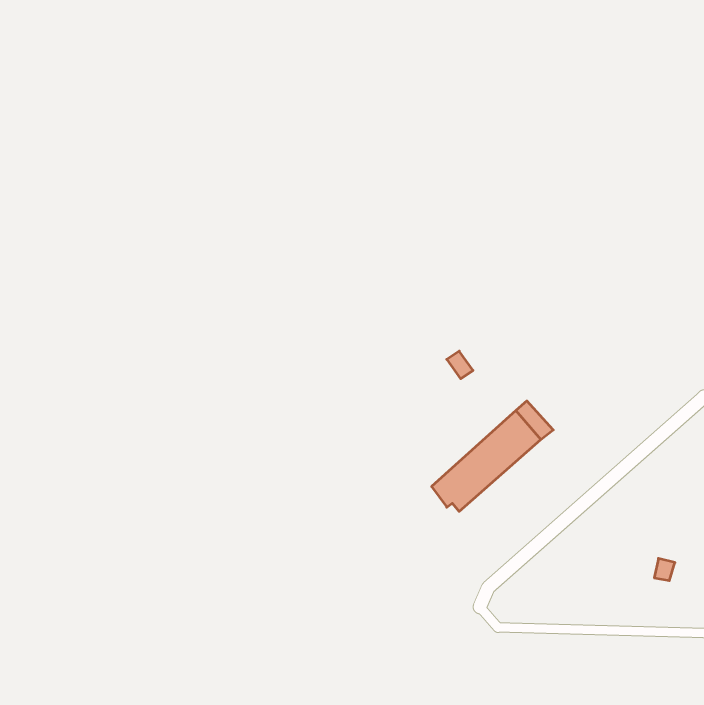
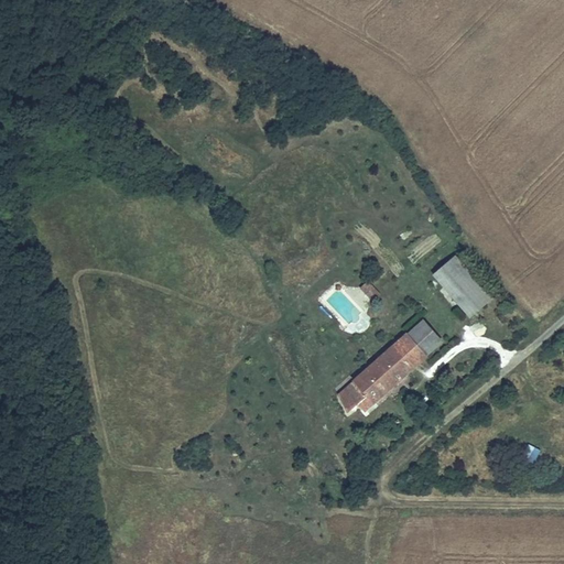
building: none -> [432,256,491,318]

